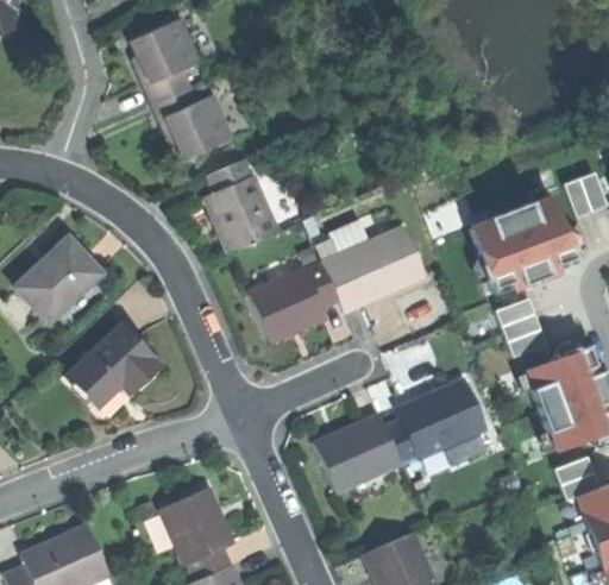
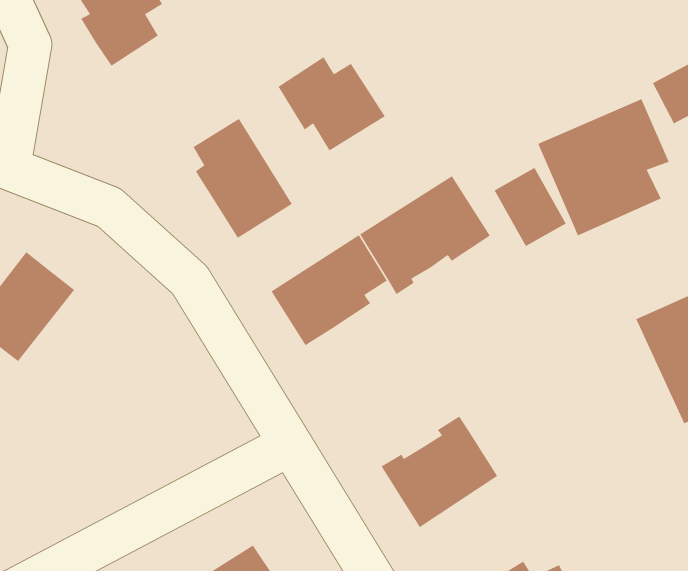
building: [153,87,233,161] -> [278,56,386,151]
building: [497,295,550,356] -> [494,167,567,247]
building: [67,323,159,407] -> none
building: [385,383,483,465] -> none

